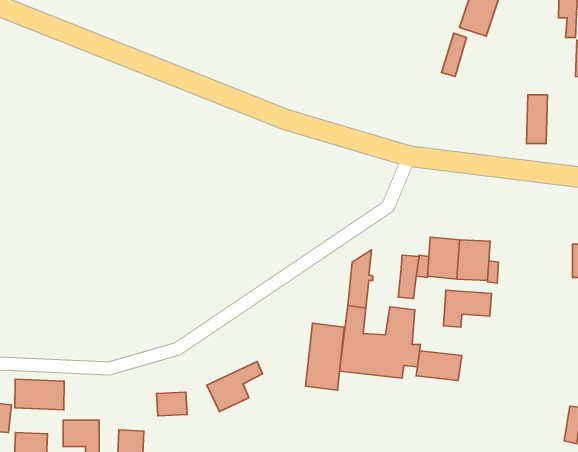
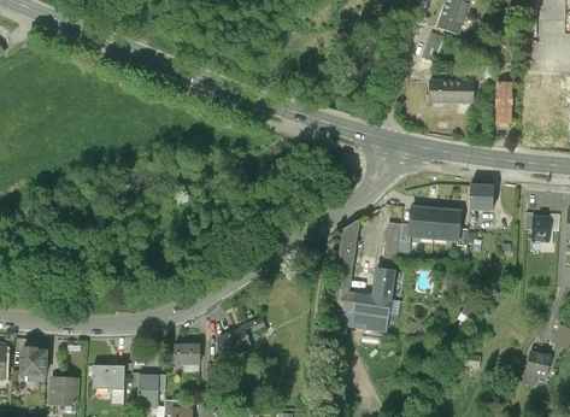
building: none -> [428,80,474,102]
building: none -> [469,184,495,211]
building: [443,290,492,327] -> none
building: [305,323,344,390] -> none
building: [416,351,462,381] -> none
building: [15,379,64,410] -> none

